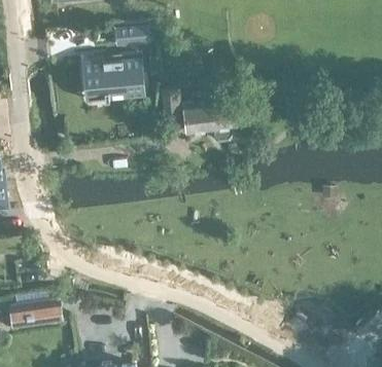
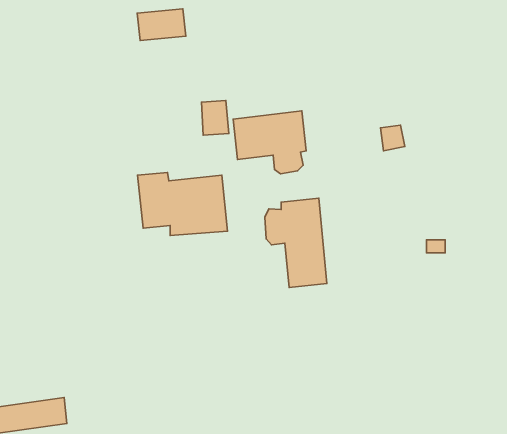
building: [79,54,144,100] -> [137,172,228,235]
building: none -> [265,198,327,288]

